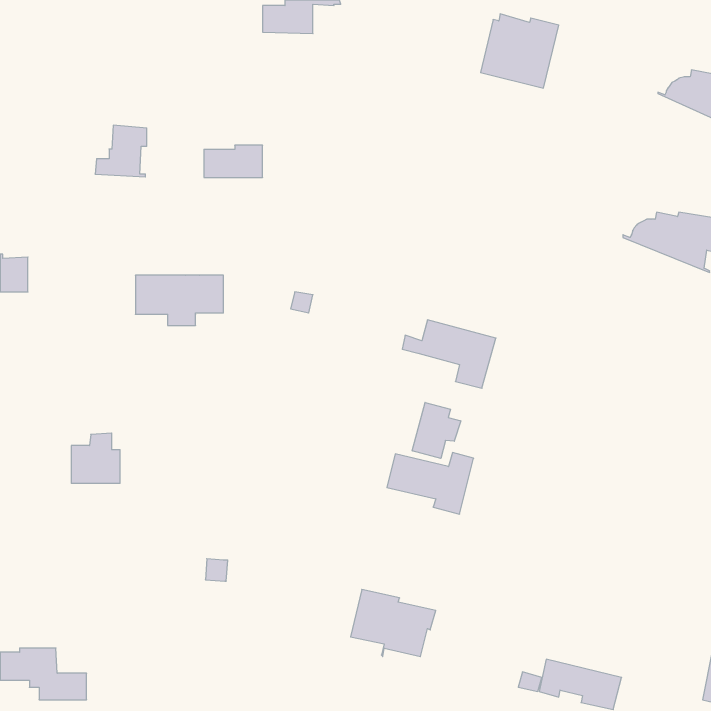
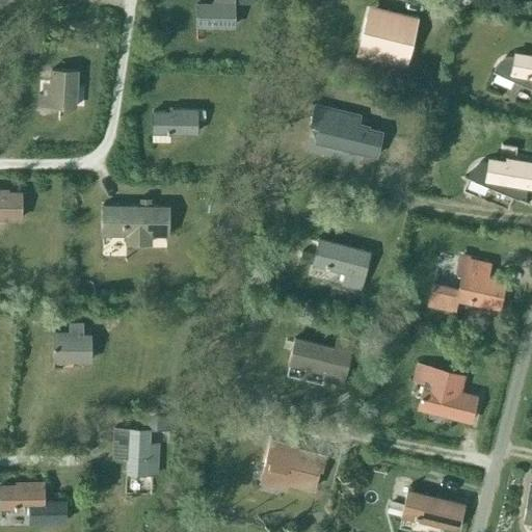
building: [95,125,147,177] -> [39,71,78,109]
building: none -> [312,105,383,158]
building: none -> [429,254,505,311]
building: [412,402,461,458] -> none
building: none -> [413,363,479,425]
building: none -> [114,430,159,477]

